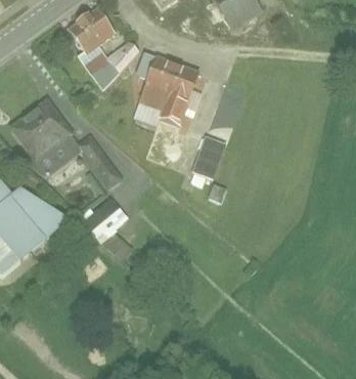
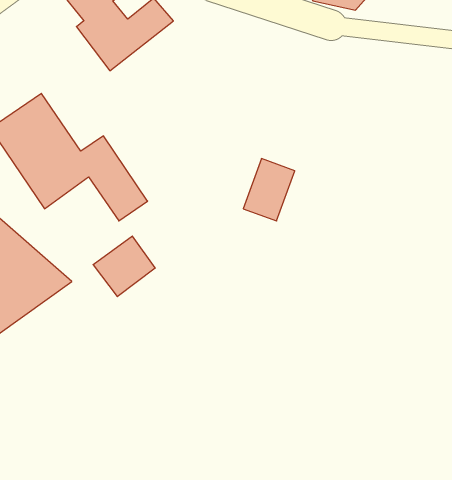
building: [136,54,198,165] -> none

